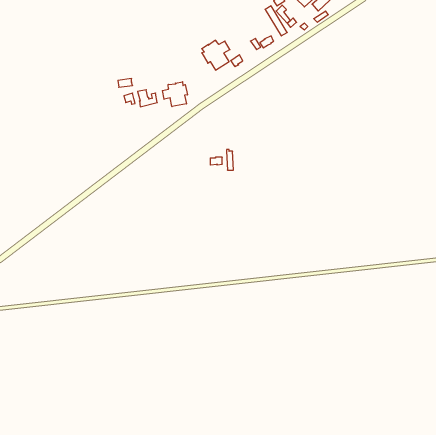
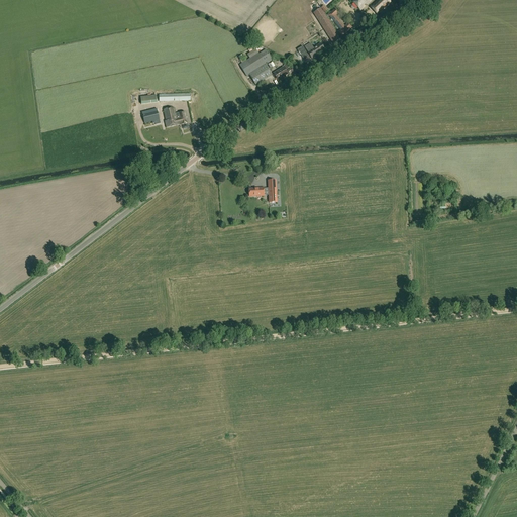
building: [162,82,187,107] -> none

